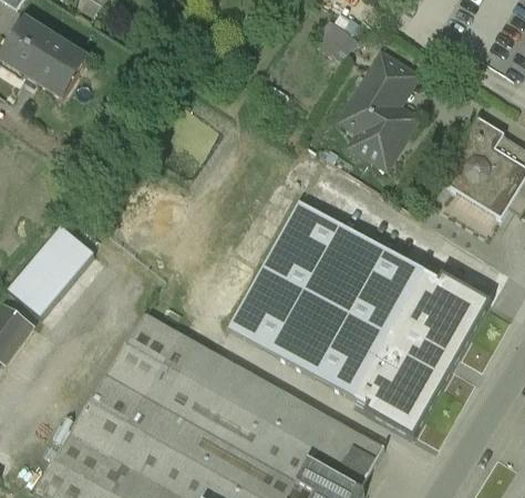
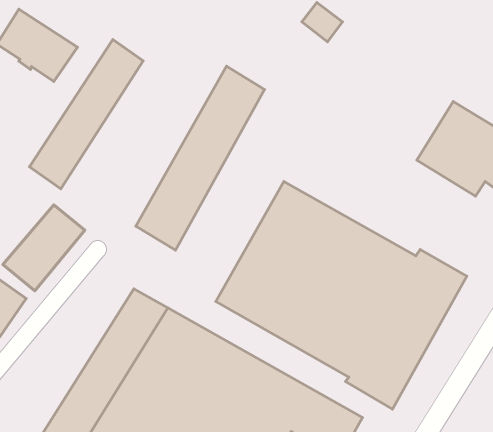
building: [342,53,415,166] -> none
building: none -> [30,40,143,189]
building: none -> [136,66,264,250]

